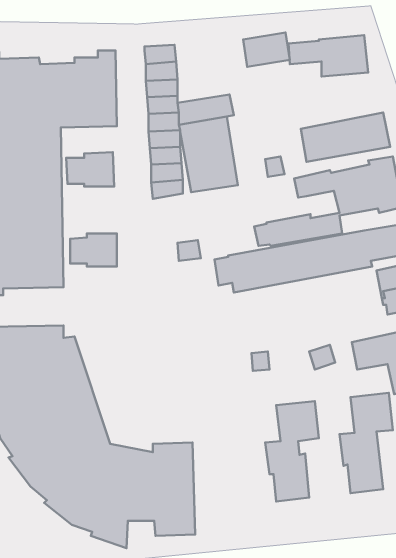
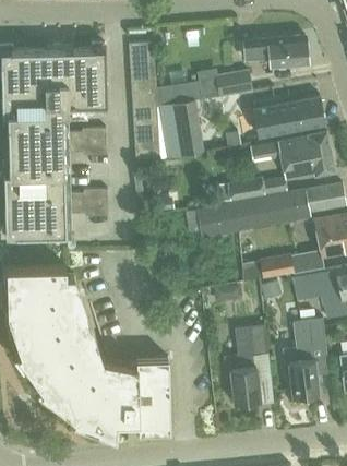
building: [243,32,290,67] -> [215,70,252,97]
building: none -> [241,250,323,282]

